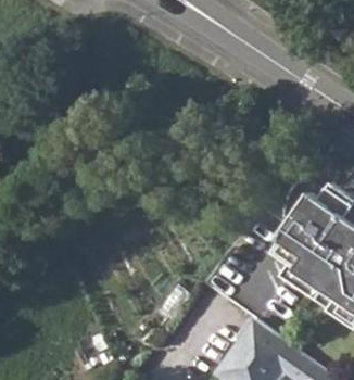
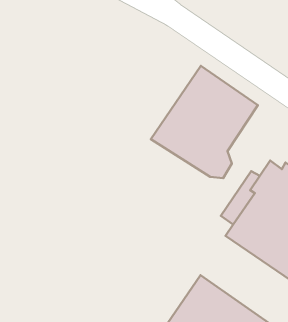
building: none -> [151,66,258,178]

